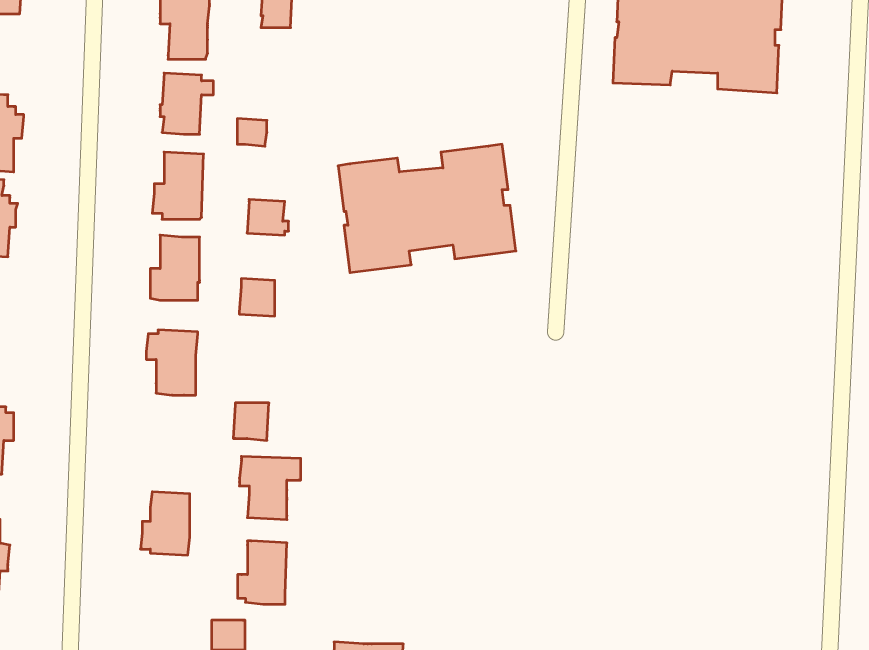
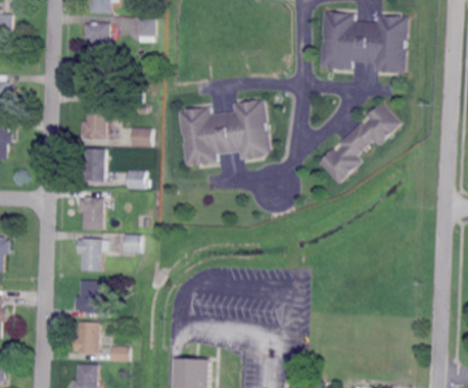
building: none -> [317,103,400,184]
building: [239,456,301,520] -> [77,238,108,271]
building: [238,541,287,604] -> [74,321,99,353]

